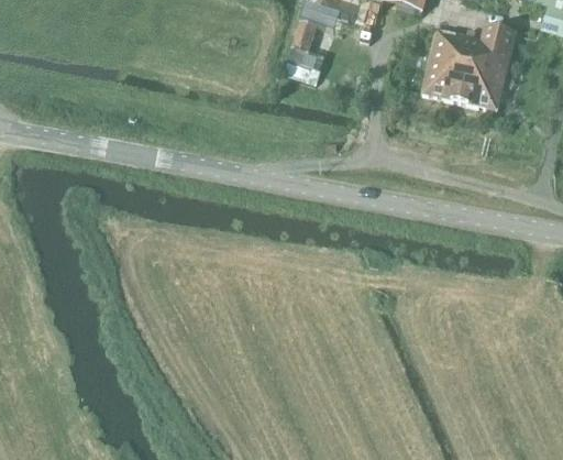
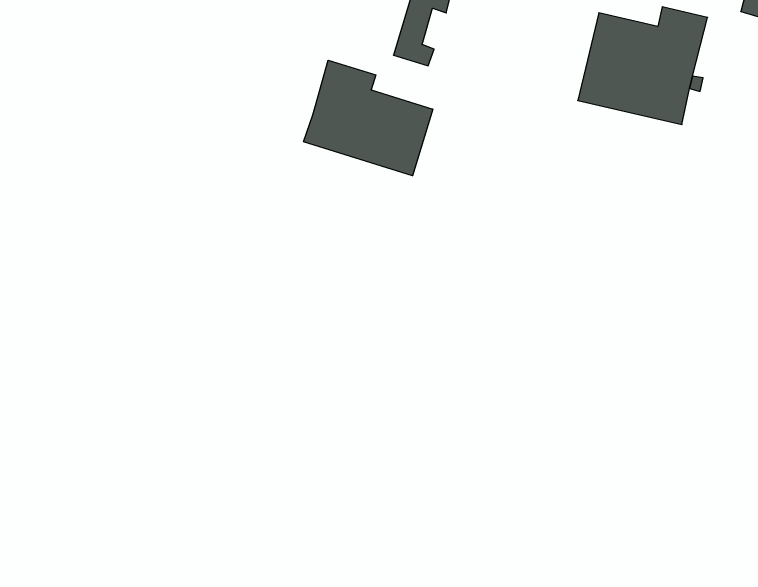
building: none -> [303,60,433,176]

